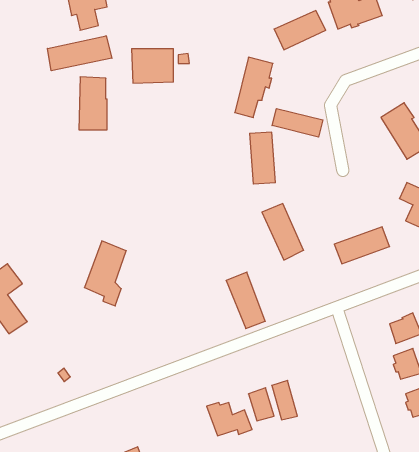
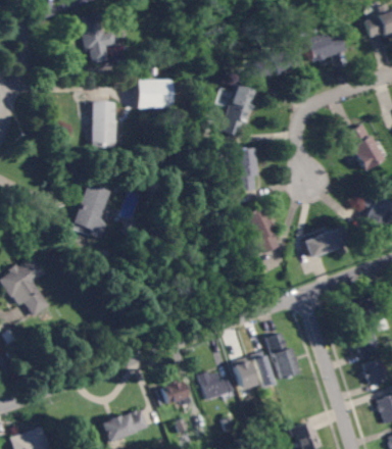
building: [47,36,112,71] -> none
building: [272,109,323,137] -> none
building: [84,241,126,306] -> [76,184,110,238]
building: [226,272,265,329] -> [265,332,298,379]
building: none -> [162,380,190,404]

